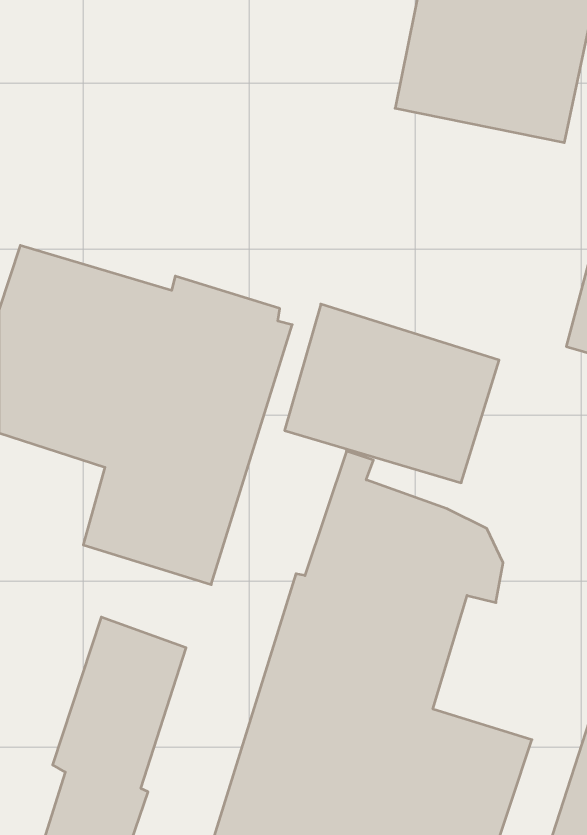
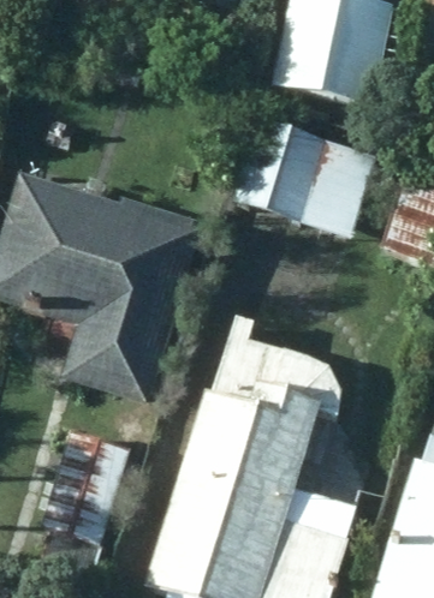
building: [285,304,499,483] -> [233,119,376,238]

